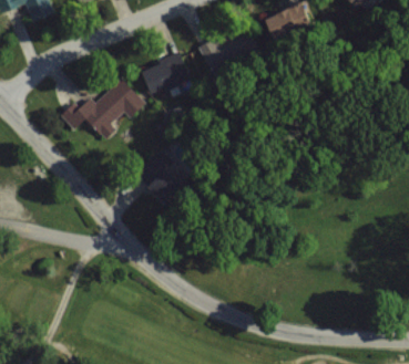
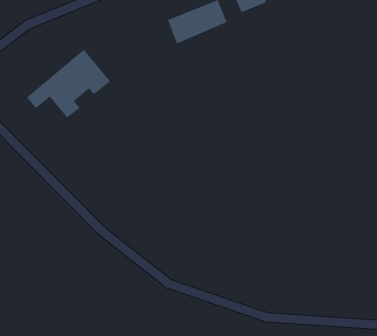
building: [139,32,191,95] -> none

